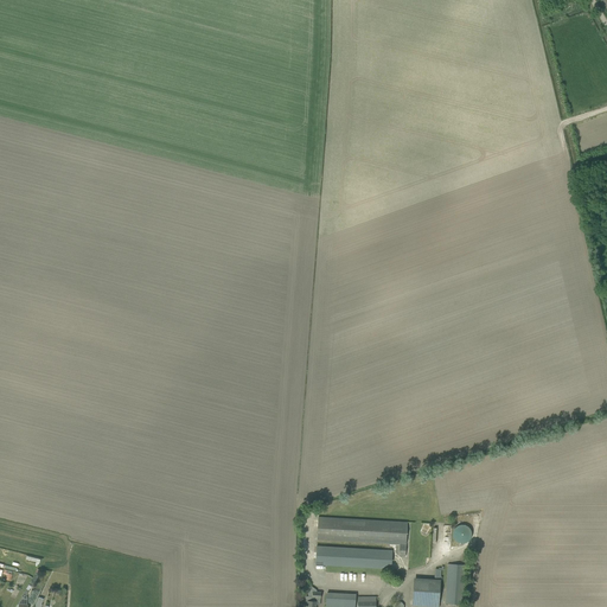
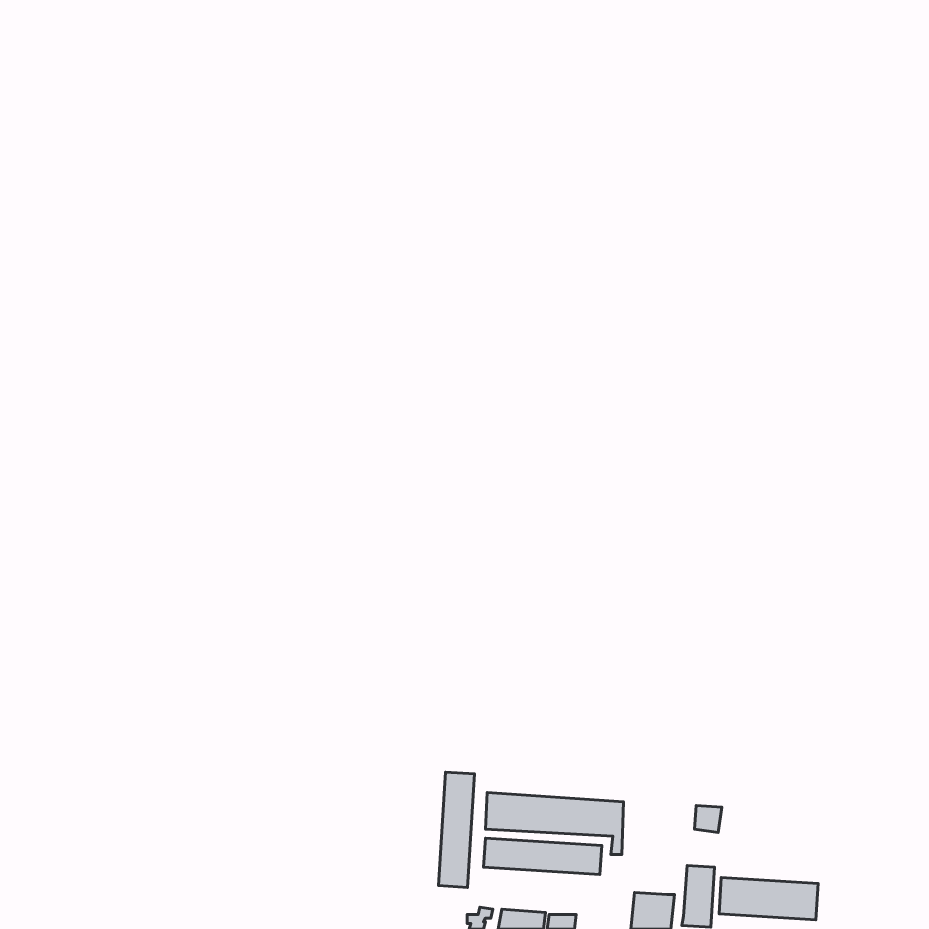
building: none -> [438,772,475,887]
building: none -> [719,878,818,920]

